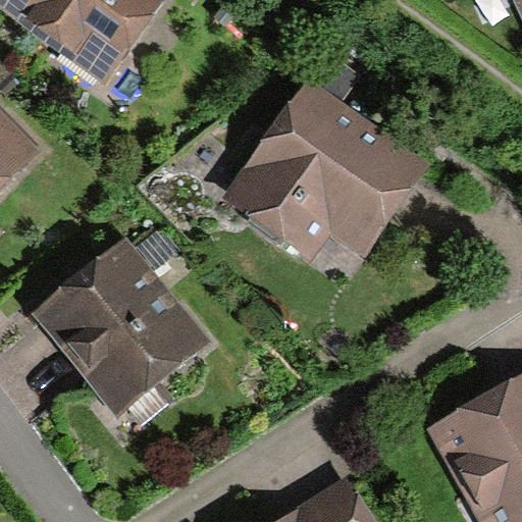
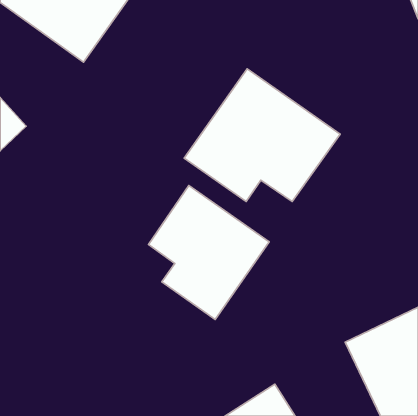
building: none -> [148,185,269,319]
building: [35,242,204,414] -> none

